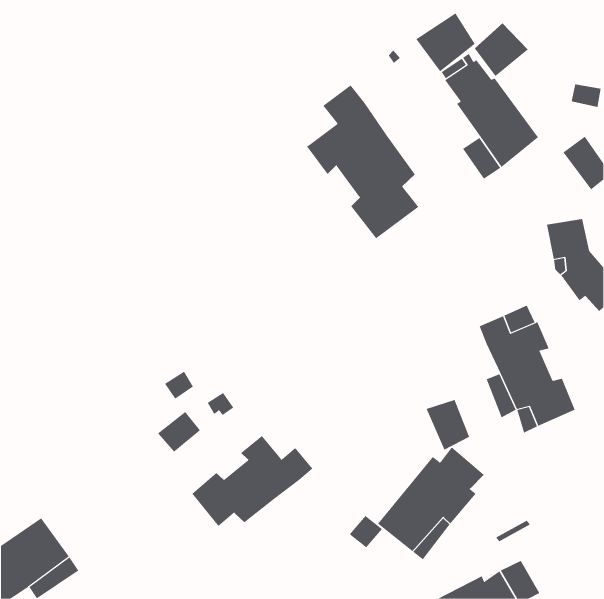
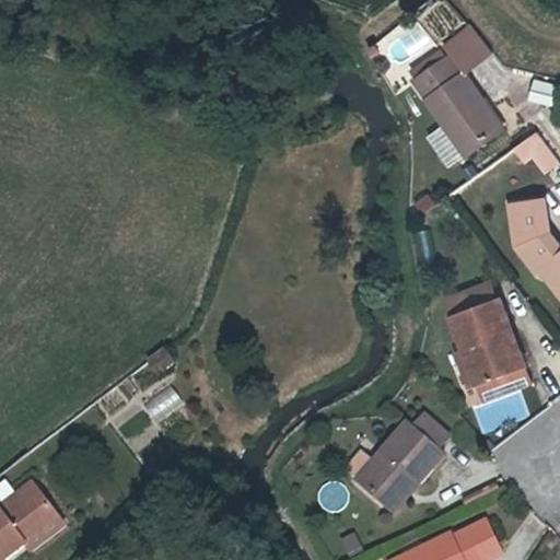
building: [415,13,475,72] -> none
building: [306,84,419,239] -> none
building: [426,399,470,450] -> none
building: [191,435,313,527] -> none

